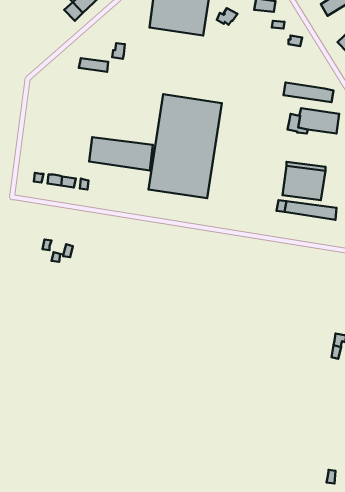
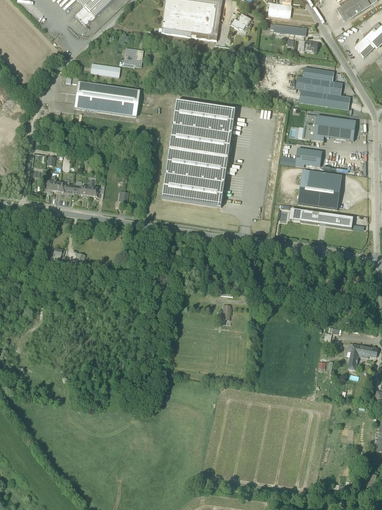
building: none -> [297,66,342,94]
building: [89,137,153,170] -> [74,82,139,116]
building: none -> [295,147,322,165]

